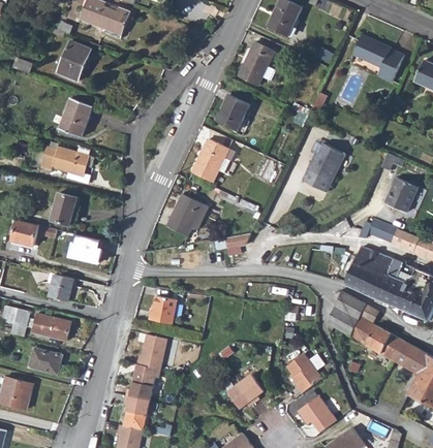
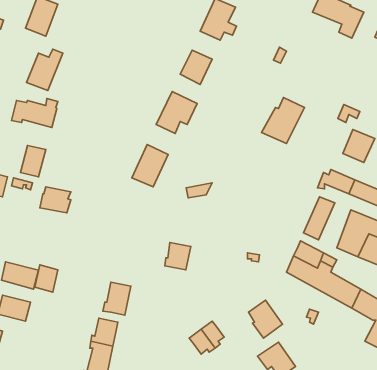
building: [359,252,392,298] -> none
building: [50,271,73,299] -> [35,265,58,292]
building: [148,293,175,321] -> [165,243,191,270]

